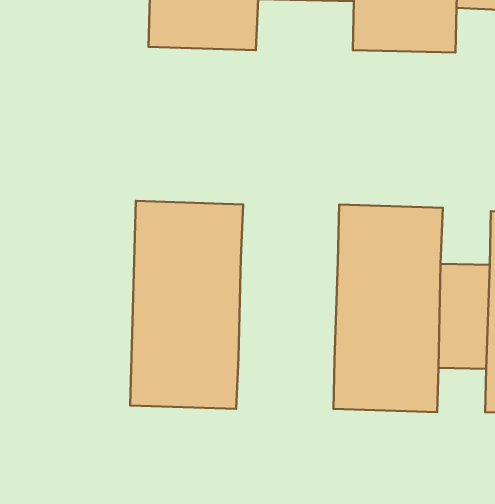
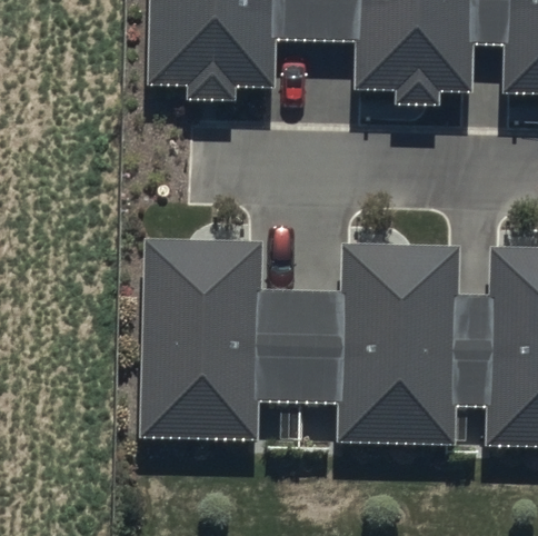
building: none -> [246,294,342,393]

